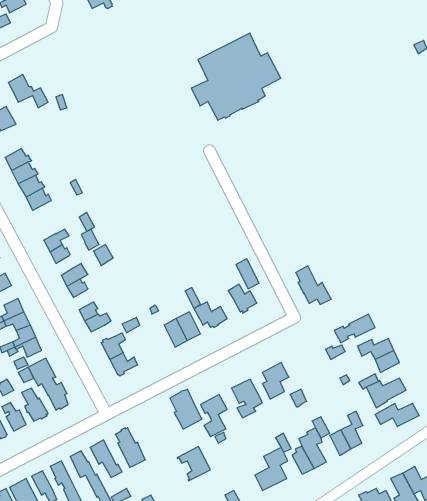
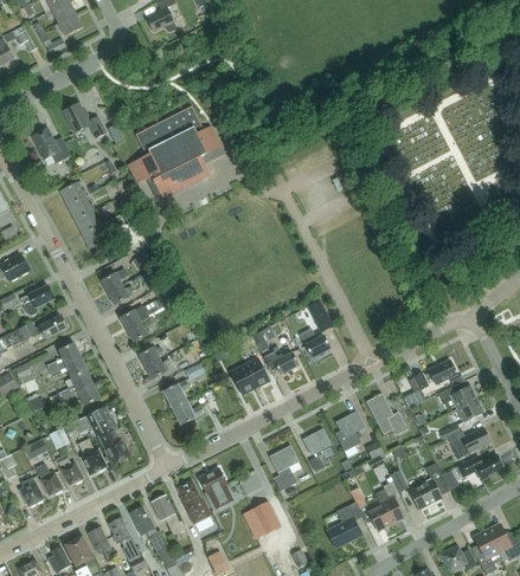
building: [191,33,281,120] -> [128,105,224,199]
building: [296,266,331,305] -> [368,394,406,435]
building: [170,389,202,429] -> [199,468,233,511]

